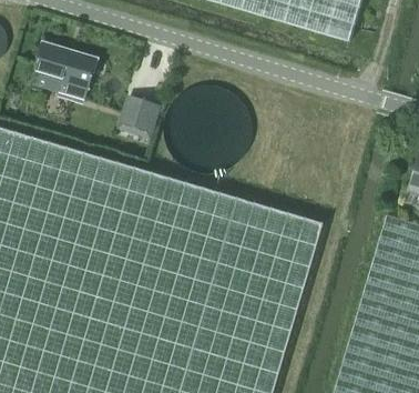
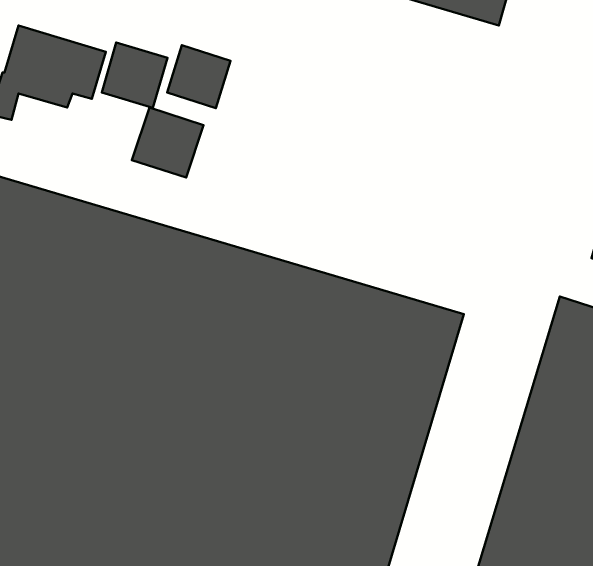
building: none -> [102,43,167,108]
building: none -> [167,45,231,108]

